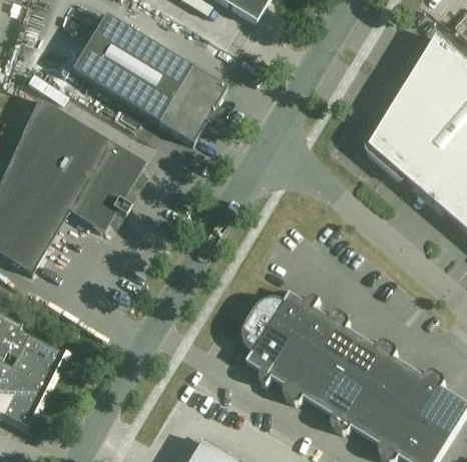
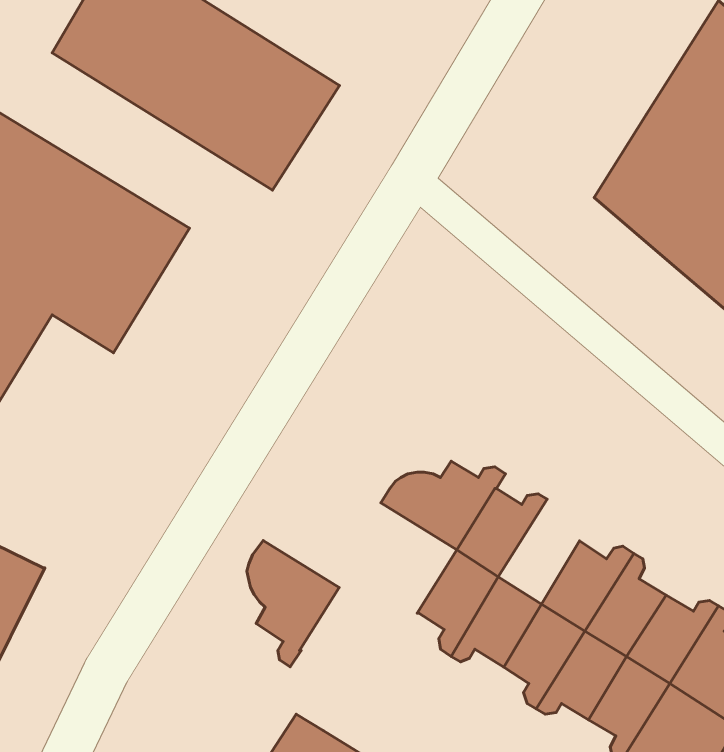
building: [317,313,362,371] -> none
building: [243,315,294,385] -> [247,540,339,667]

